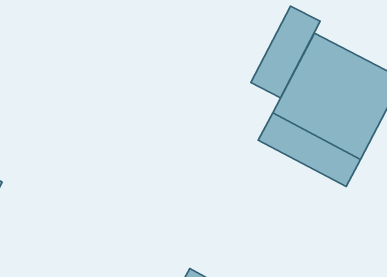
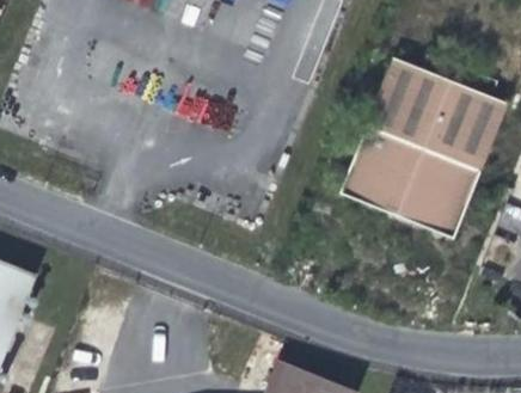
building: [251,6,320,98] -> none

